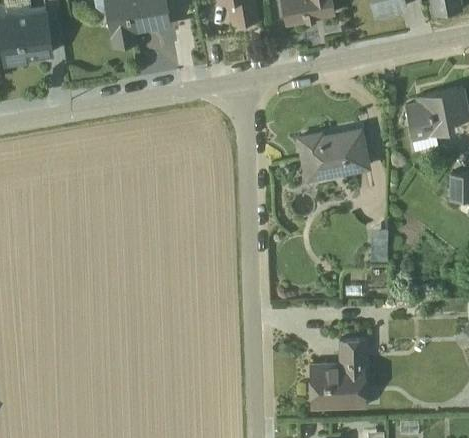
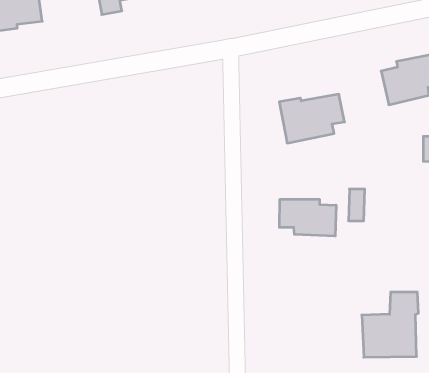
building: none -> [279,199,336,236]
building: [309,339,368,407] -> [362,292,418,357]

